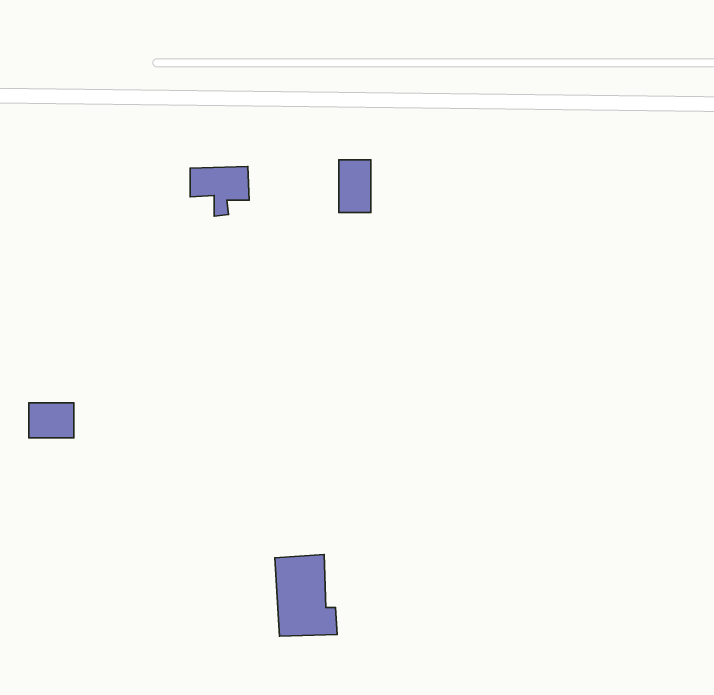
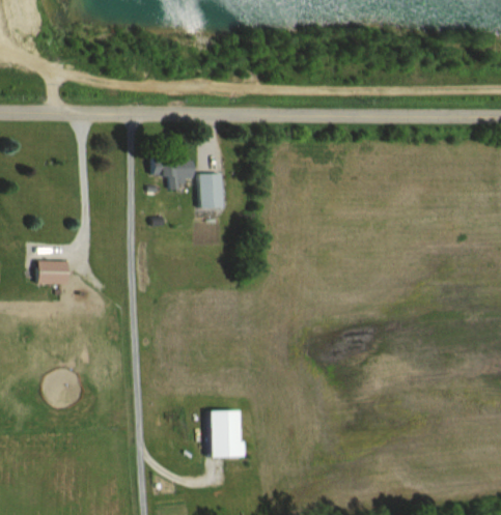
building: [339,160,371,213] -> [199,174,220,208]
building: [29,403,74,438] -> [38,261,67,284]

